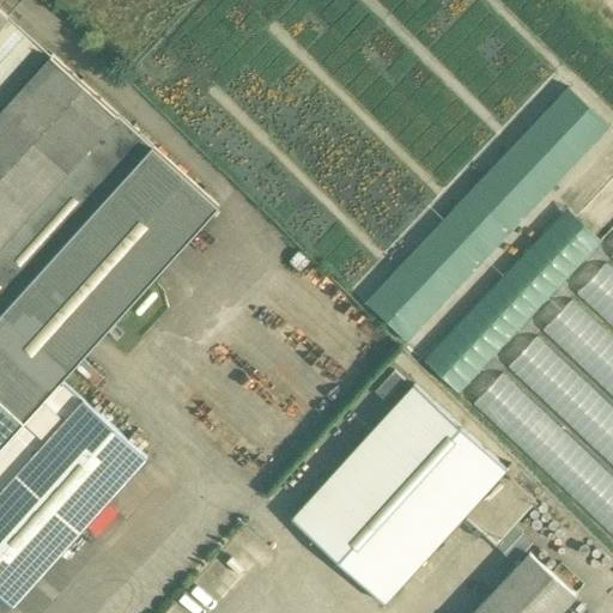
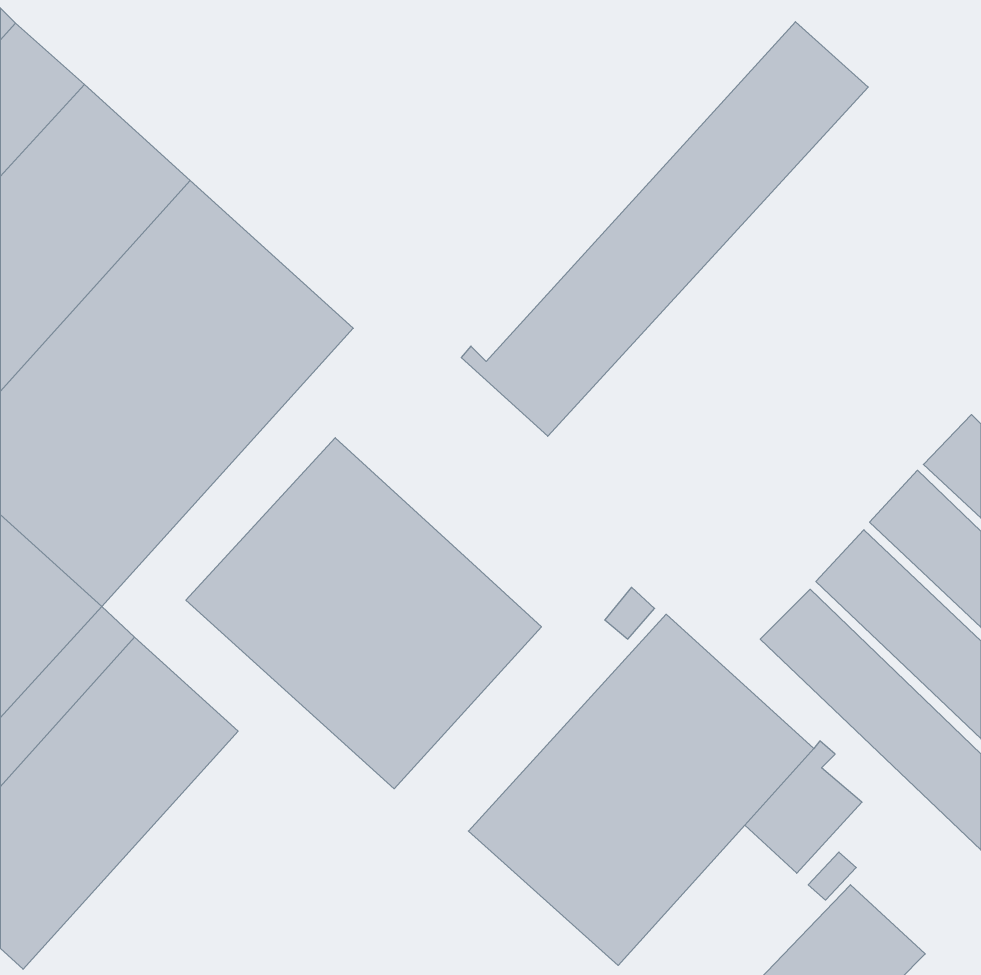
building: [353,85,607,344] -> [461,22,868,436]
building: [423,210,601,395] -> none
building: none -> [186,438,541,789]

